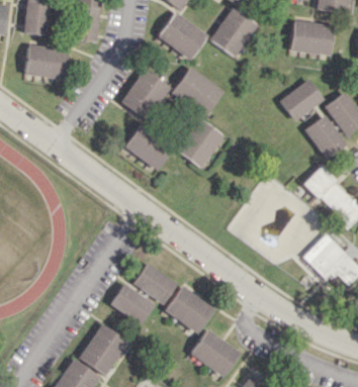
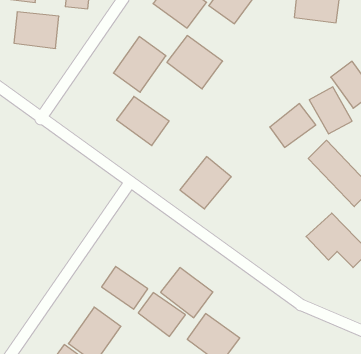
building: [281,79,325,120] -> [270,104,316,147]
building: [176,118,225,168] -> [180,157,231,209]
building: [132,263,177,304] -> [138,293,185,336]

